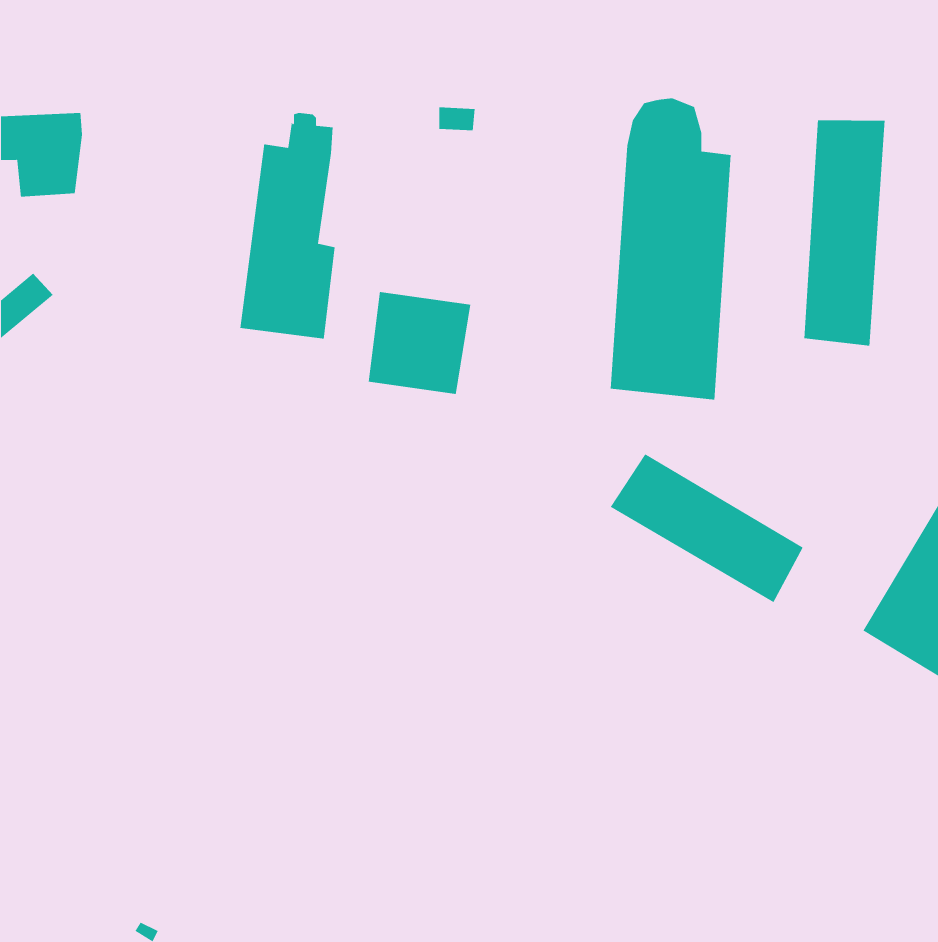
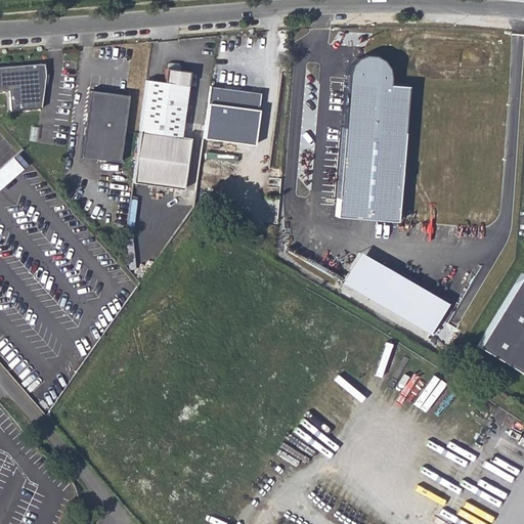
building: [804,120,885,346] -> none
building: none -> [84,90,132,161]
building: [368,291,471,395] -> [207,87,264,144]

